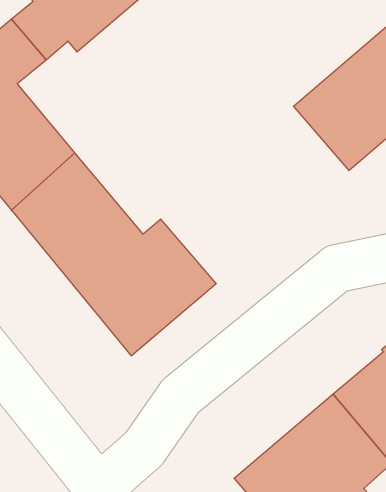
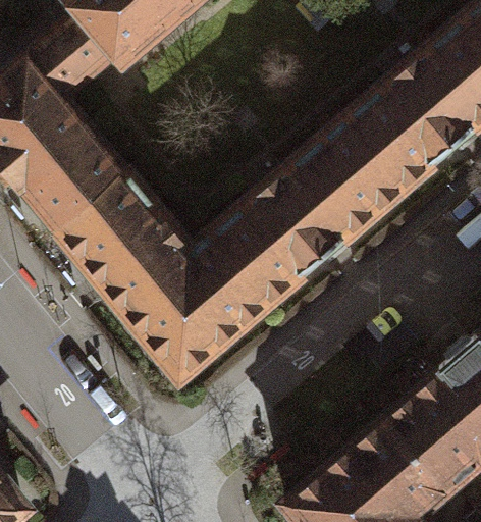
building: none -> [211,121,405,304]

